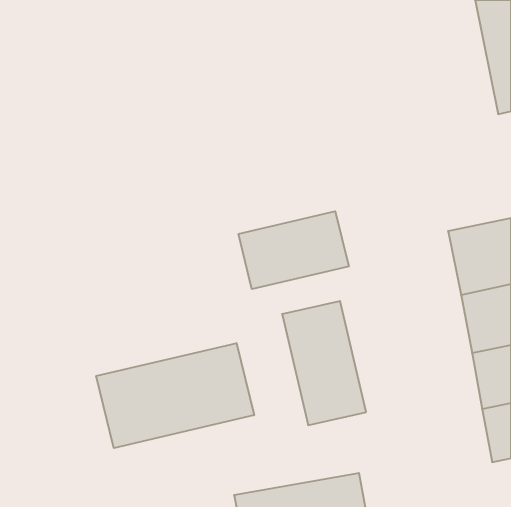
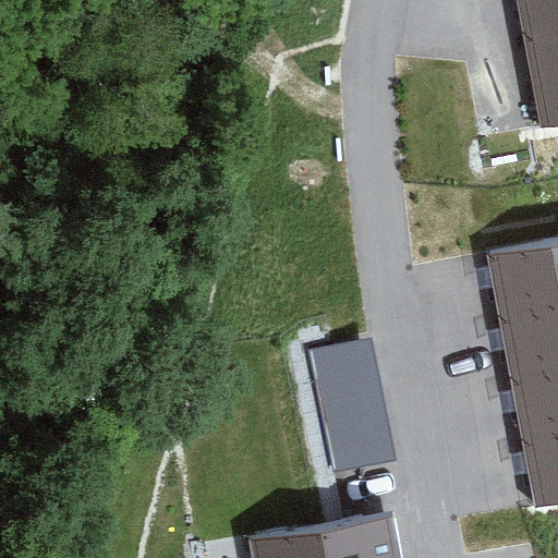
building: [239,211,349,289] -> none
building: [96,343,254,448] -> none

